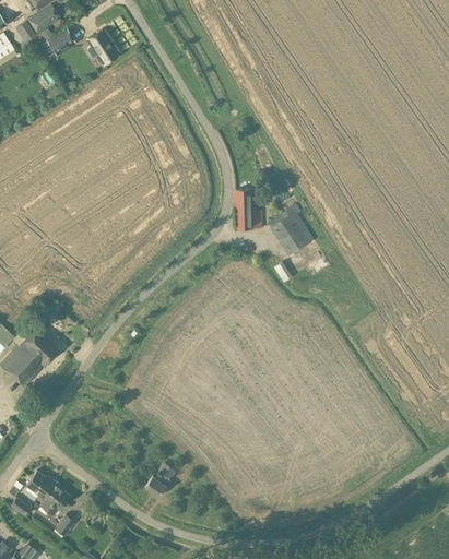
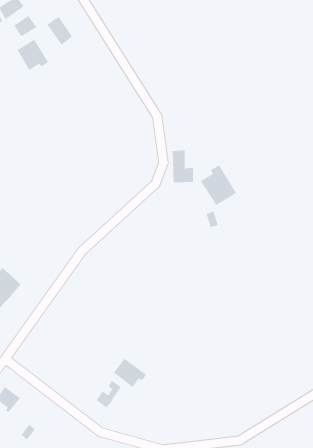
building: none -> [17,39,49,71]
building: none -> [113,358,147,388]
building: [40,484,71,514] -> none

